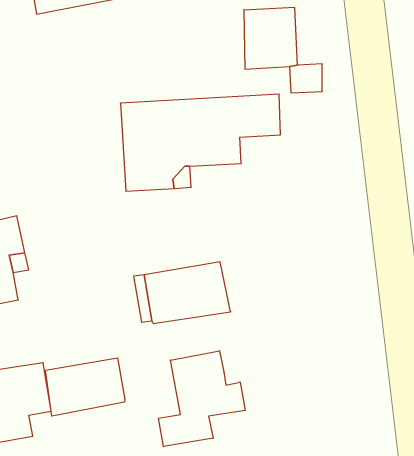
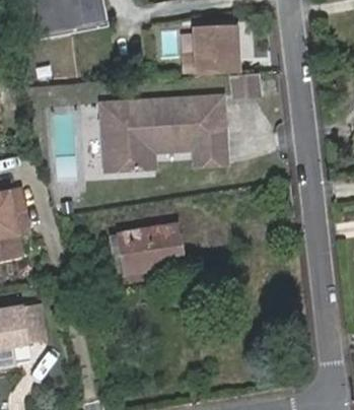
building: none -> [193,126,227,164]
building: [159,351,245,447] -> none
building: [46,358,125,416] -> none

